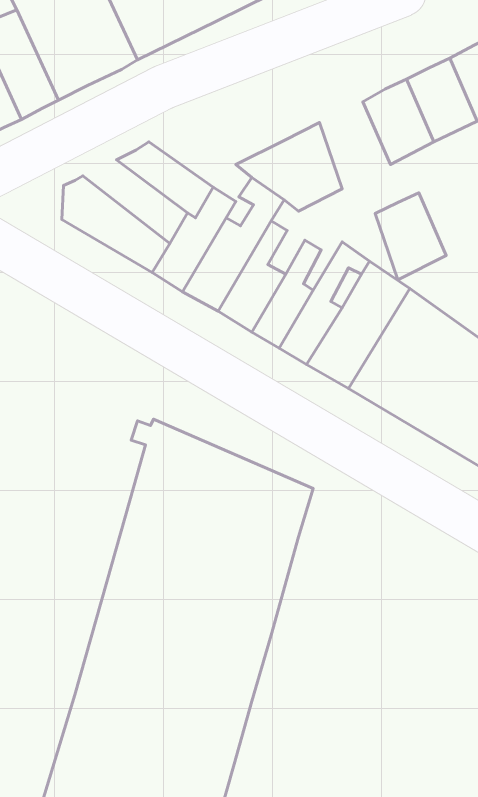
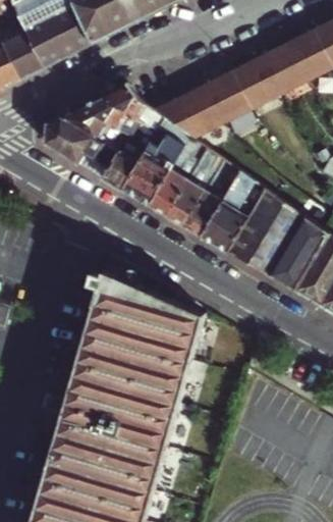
building: none -> [99,83,164,132]
building: none -> [57,105,123,158]
building: [375,193,446,280] -> [207,68,252,123]

